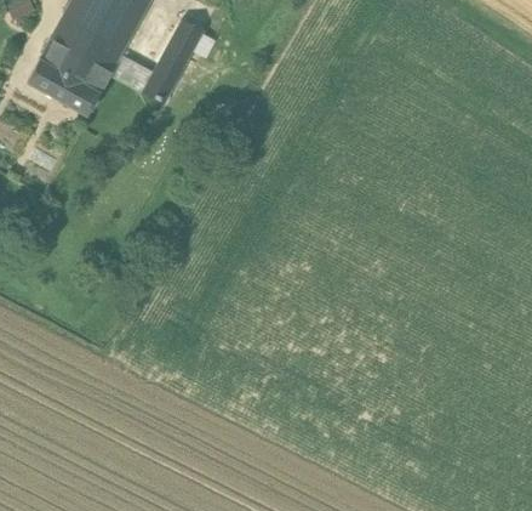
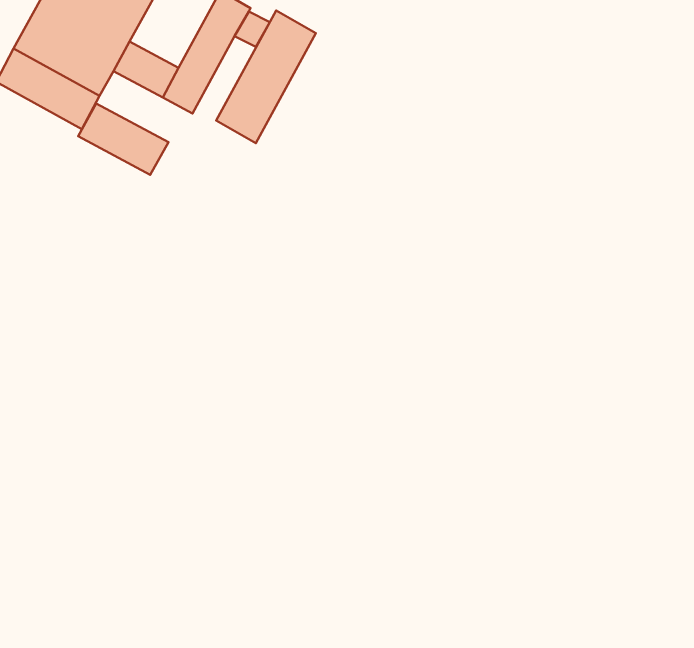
building: none -> [216,10,316,143]
building: none -> [78,103,168,175]

